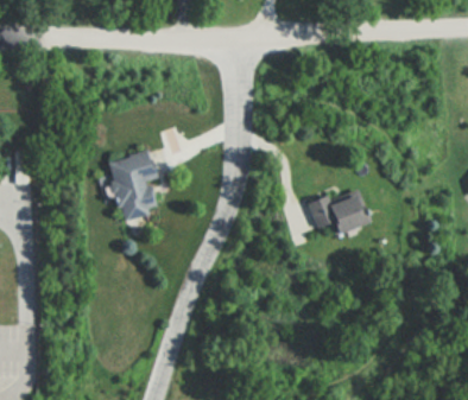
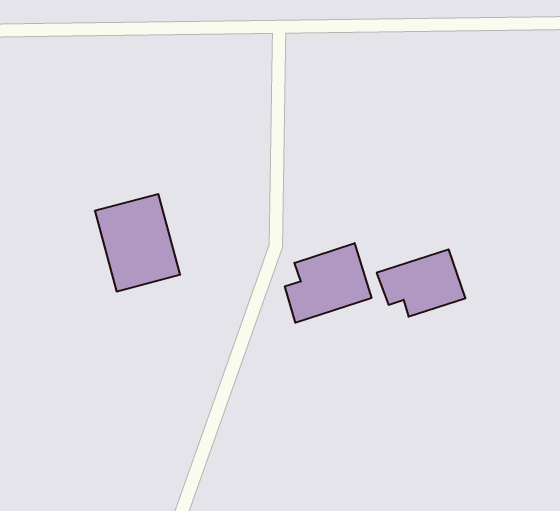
building: none -> [285,243,371,323]

